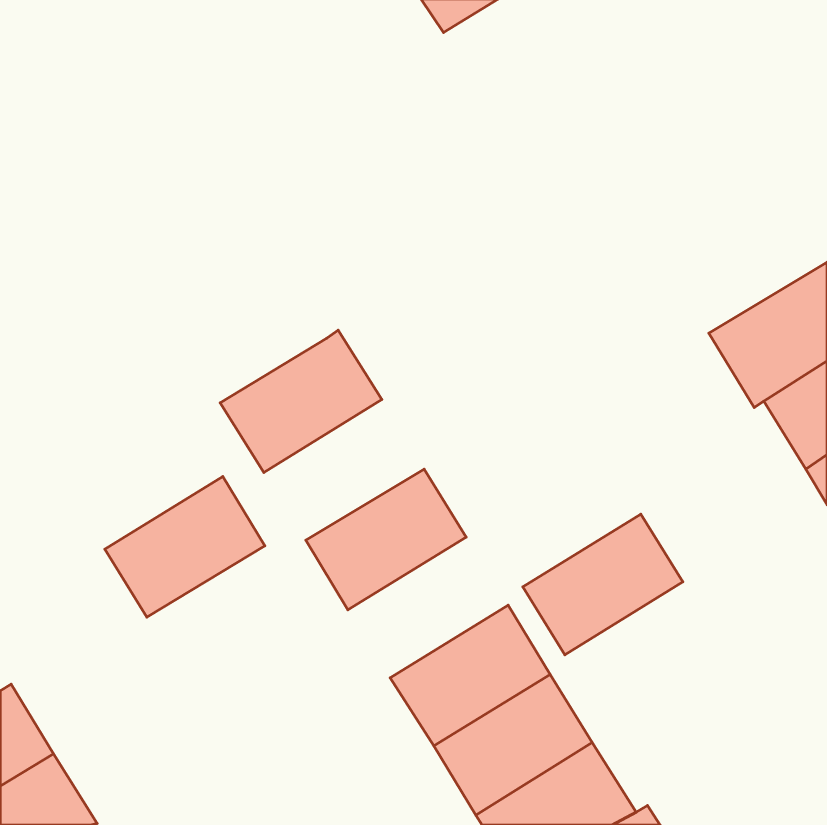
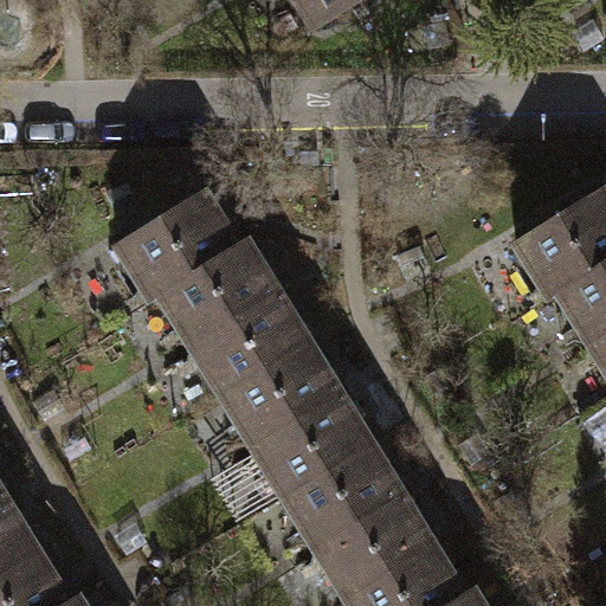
building: none -> [120,194,239,301]
building: [105,476,265,617] -> [193,292,310,395]
building: [523,514,683,655] -> [254,393,372,496]

